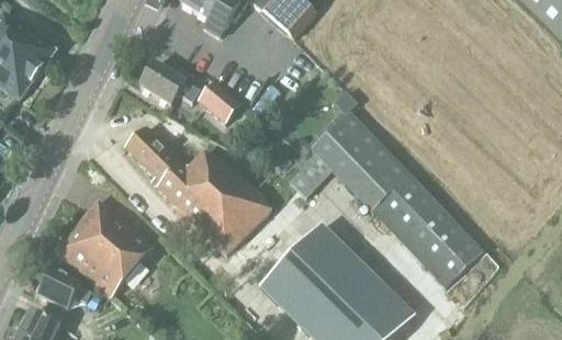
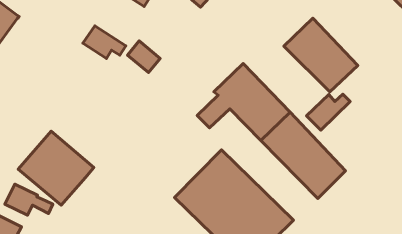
building: none -> [284,18,358,92]
building: [125,125,293,252] -> none
building: none -> [307,94,350,130]

